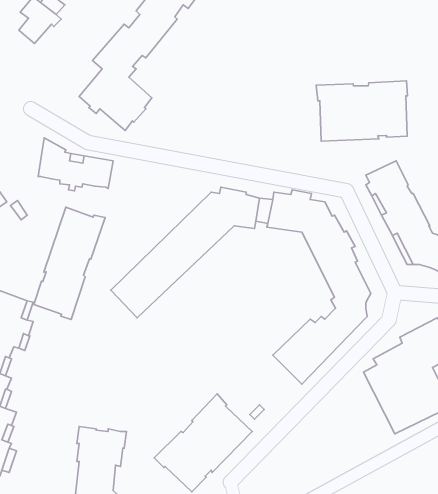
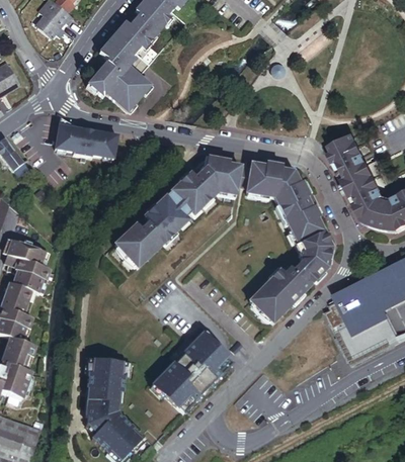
building: [316,81,407,141] -> none
building: [34,207,105,319] -> none

